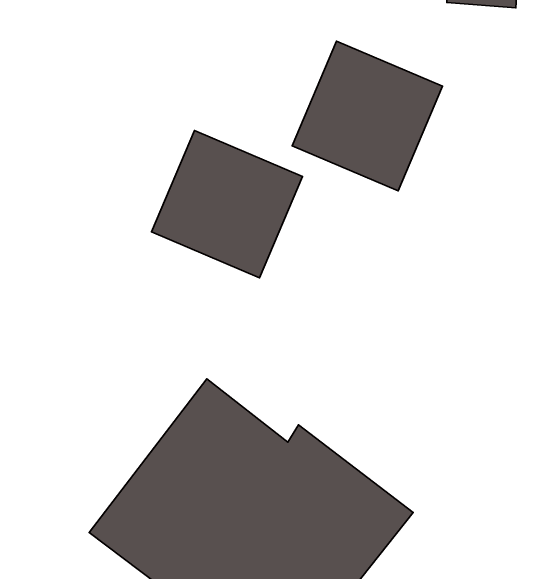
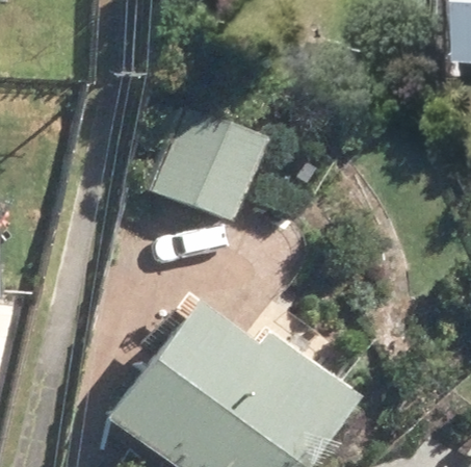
building: [292,41,443,191] -> none

